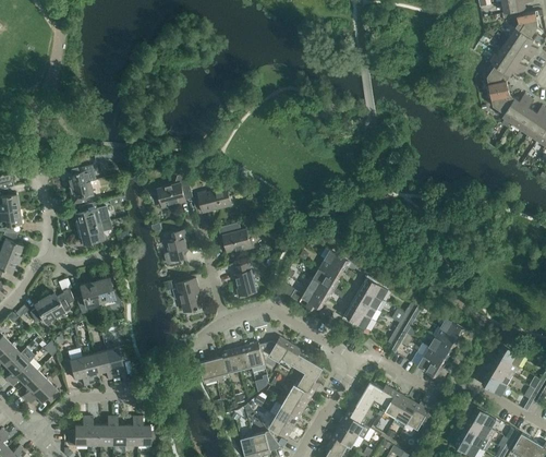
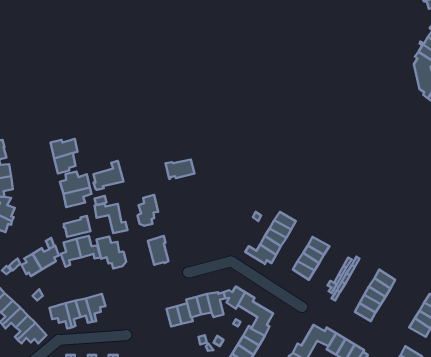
building: [157,175,192,208] -> [94,161,124,190]
building: [220,224,252,252] -> none
building: none -> [95,204,128,233]
building: none -> [64,216,90,237]
building: [234,264,256,298] -> none
building: none -> [96,237,126,269]

